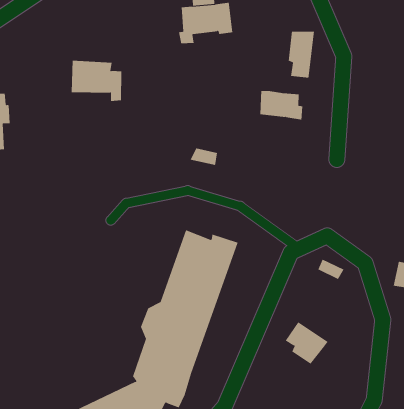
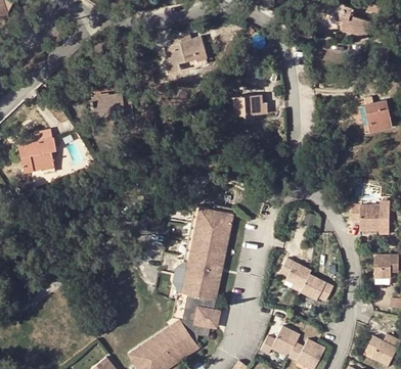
building: [288,31,314,79] -> none
building: none -> [300,275,332,302]

